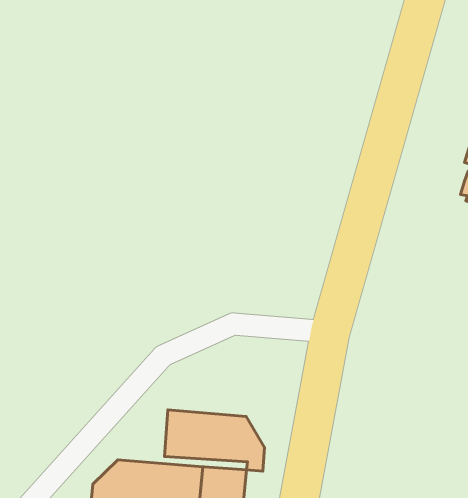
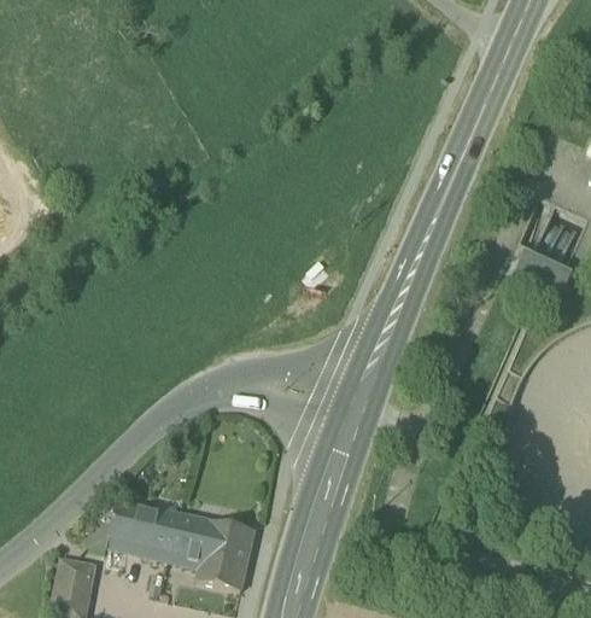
building: [165,410,265,471] -> none

